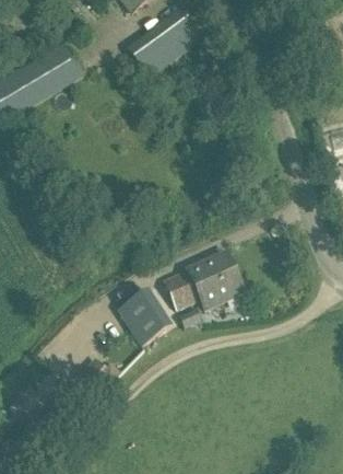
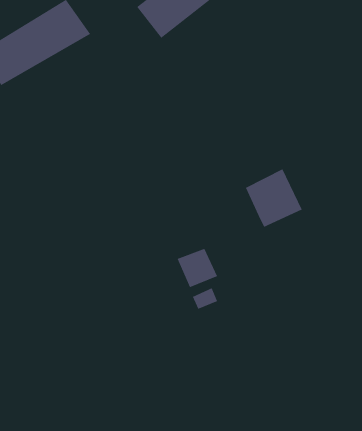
building: [190,253,244,308] -> [245,168,303,228]
building: [117,289,172,345] -> none

